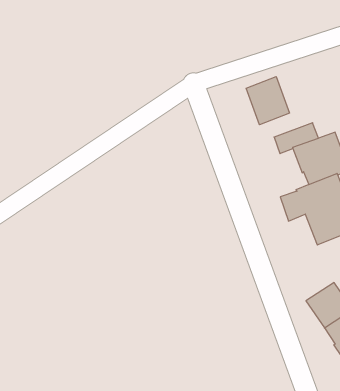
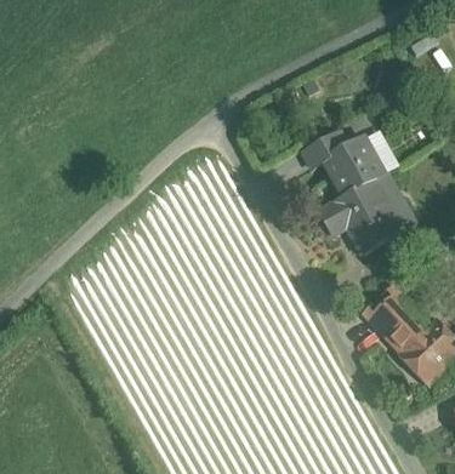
building: [246,77,290,125] -> none

